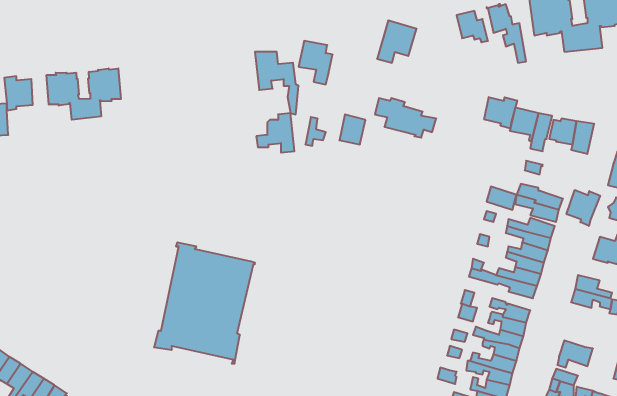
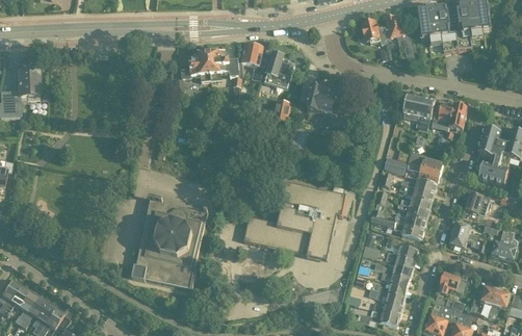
building: [377,21,417,63] -> [265,54,295,86]
building: [47,68,121,120] -> none
building: [484,97,517,129] -> none
building: [256,113,294,153] -> [182,52,211,82]
building: [567,190,600,226] -> none
building: none -> [243,183,346,257]

